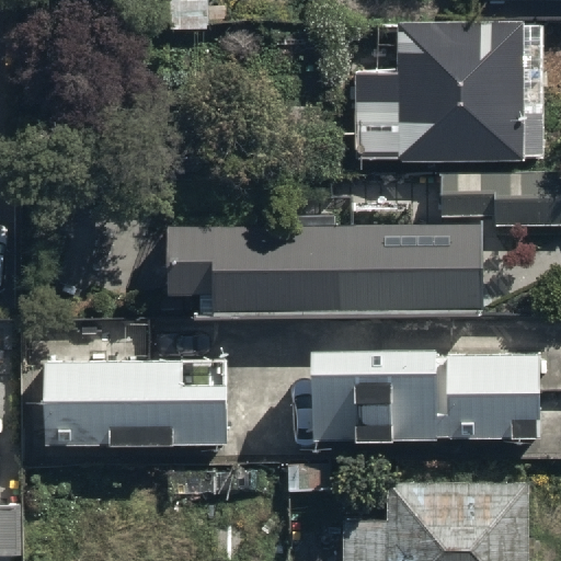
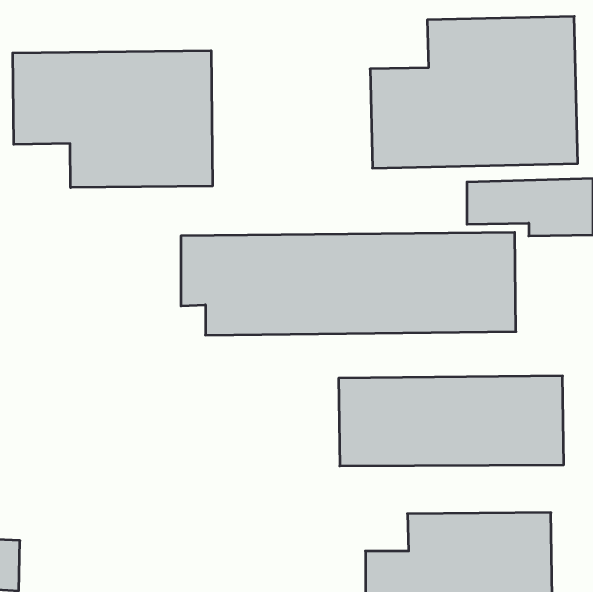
building: none -> [13,51,212,188]
building: [44,359,222,453] -> none

